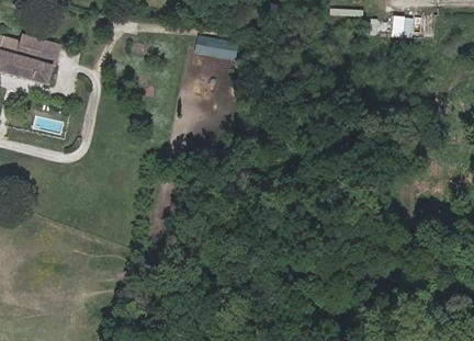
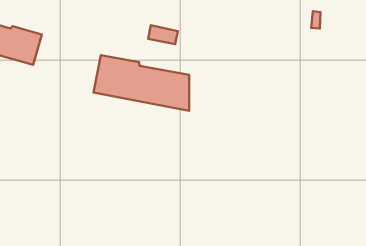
building: none -> [94,55,189,111]

